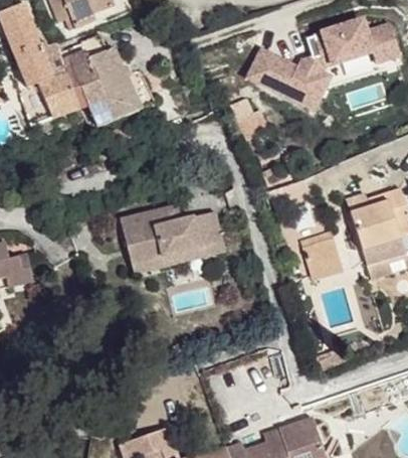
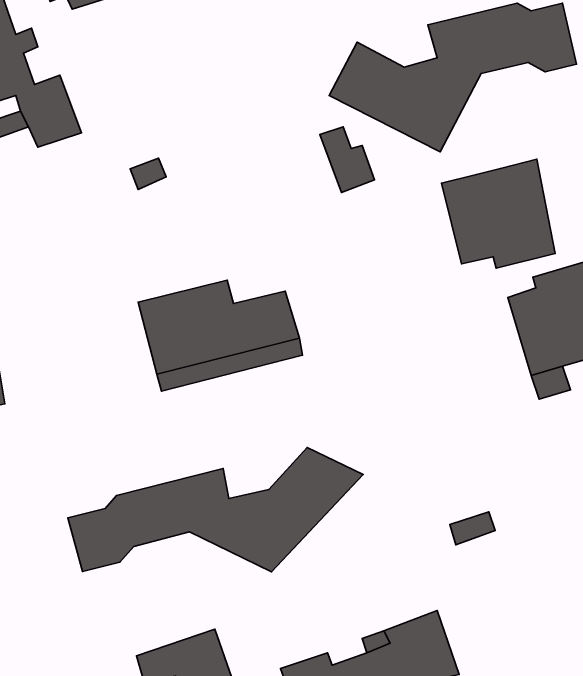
building: [60,36,142,126] -> none
building: none -> [442,159,555,268]
building: [302,232,344,280] -> none
building: none -> [68,447,363,572]

